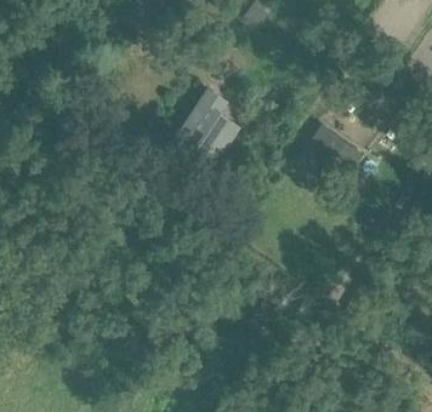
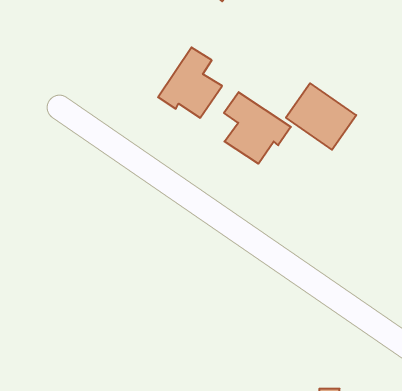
building: none -> [224,92,291,164]

